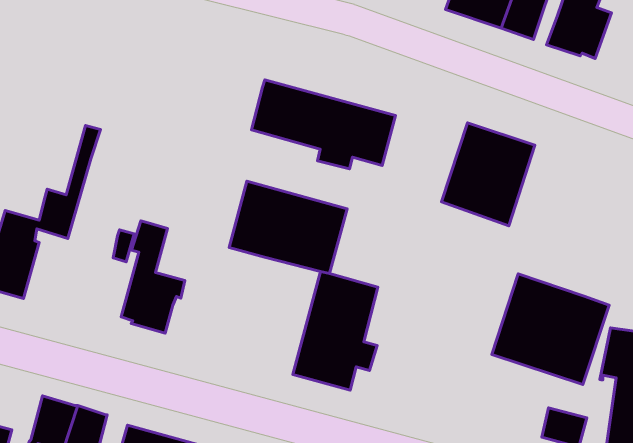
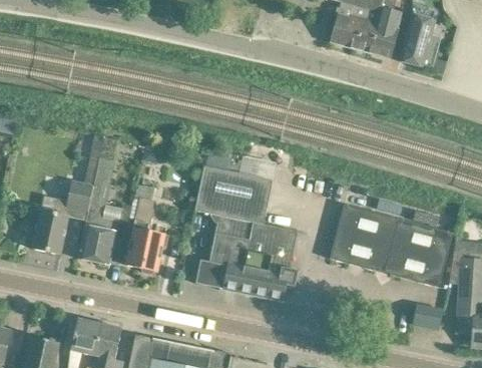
building: [252,80,395,169] -> none
building: [441,123,535,226] -> [330,204,390,271]
building: none -> [77,137,118,265]
building: none -> [195,216,258,293]

